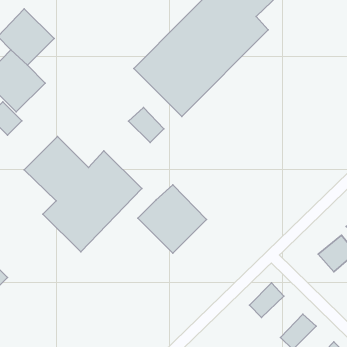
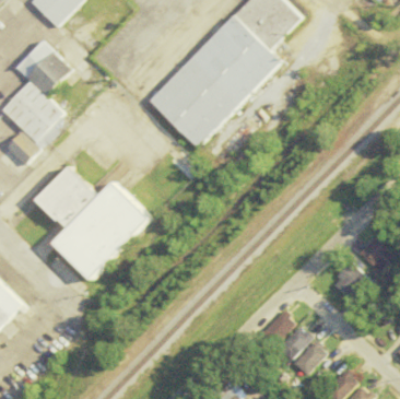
building: [129,107,164,143] -> none
building: [138,185,206,253] -> none
building: none -> [278,327,311,361]

